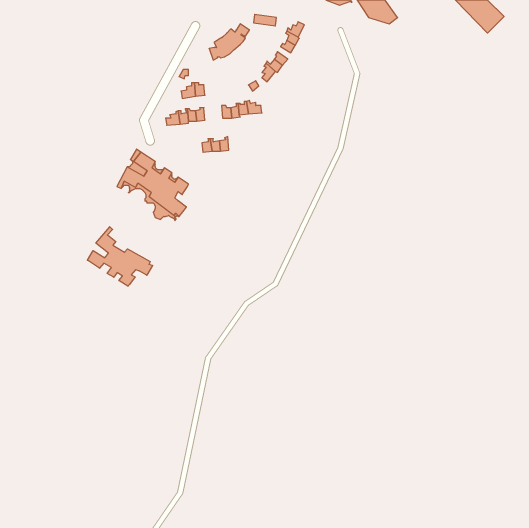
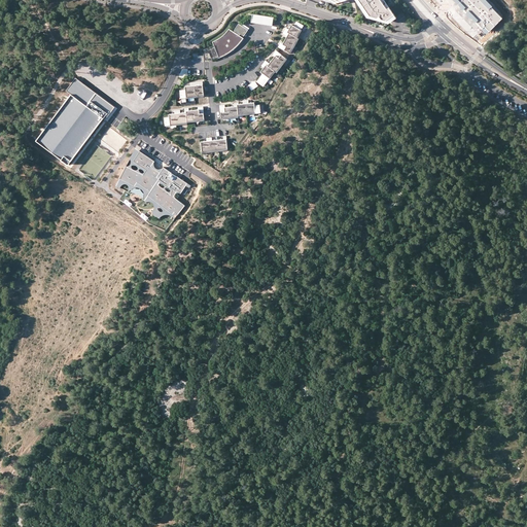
building: none -> [36,77,112,161]
building: [87,227,153,286] -> none

